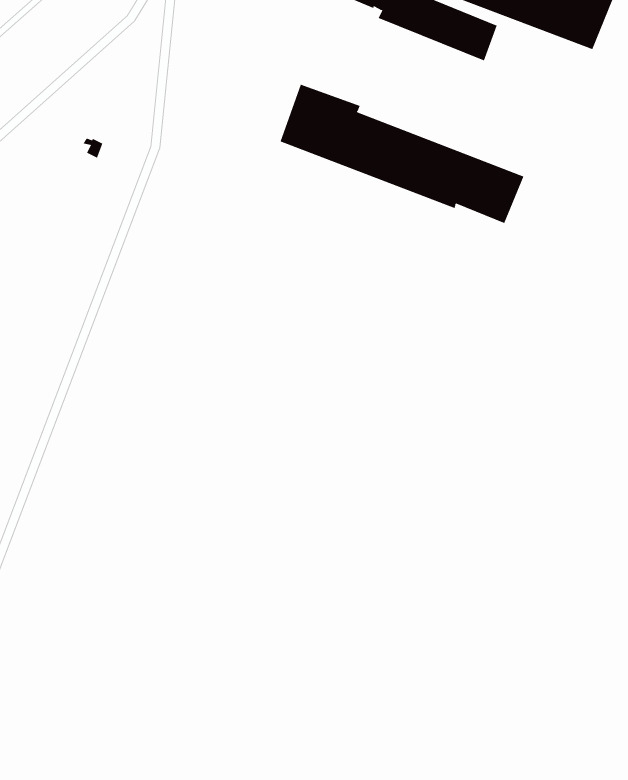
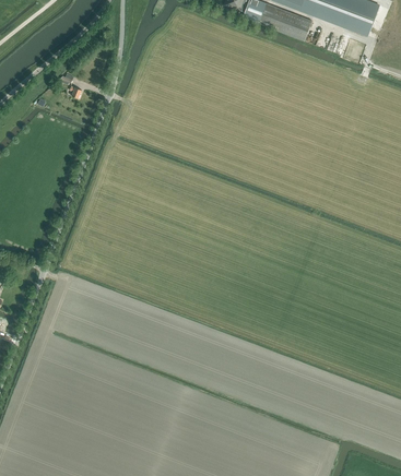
building: [280,84,524,224] -> none

